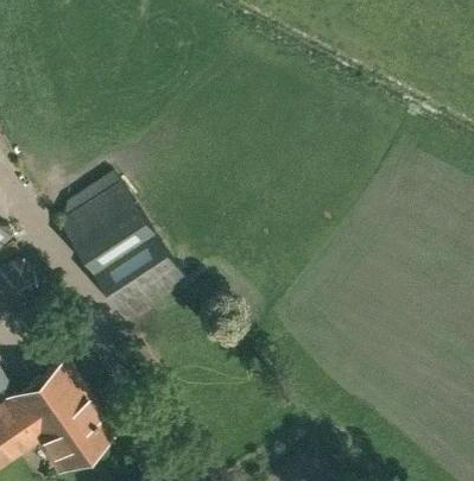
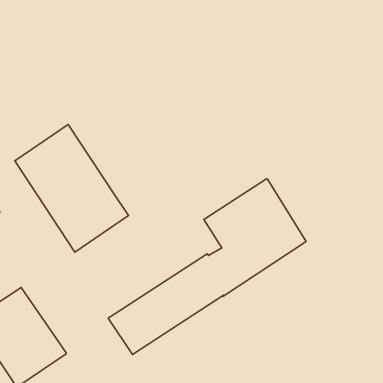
building: none -> [108,179,306,354]

